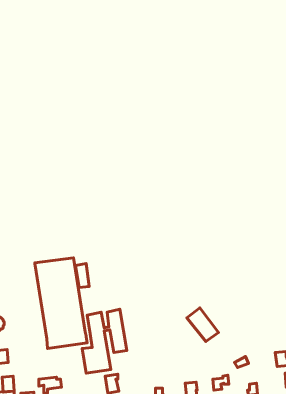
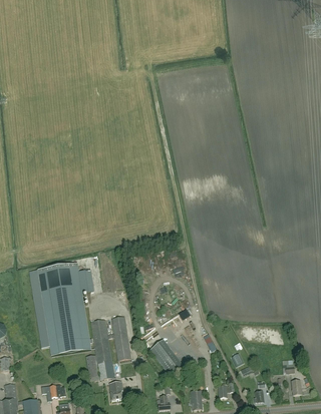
building: [187,308,219,342] -> [149,340,182,374]

